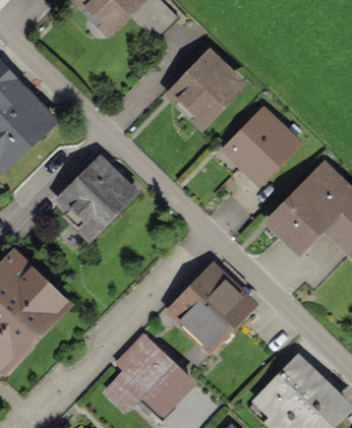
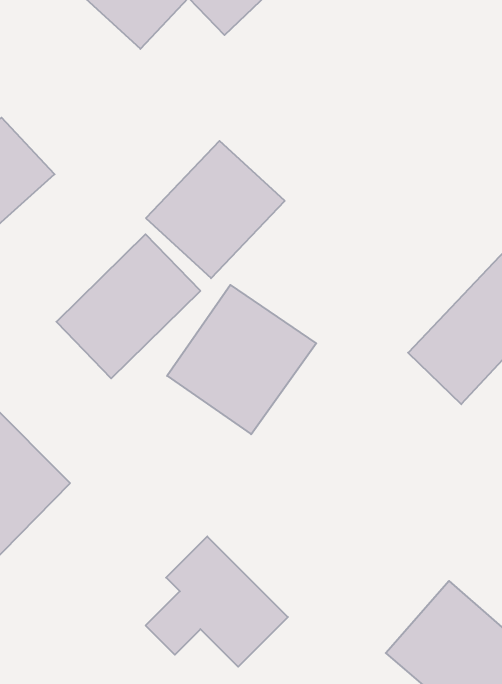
building: [164,51,246,132] -> [146,141,285,278]
building: [225,108,298,181] -> none
building: [168,266,256,355] -> [167,285,316,434]

